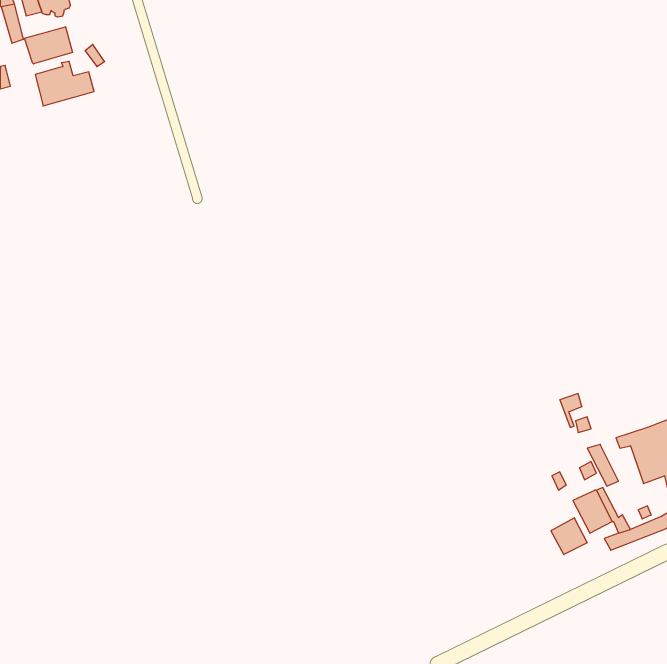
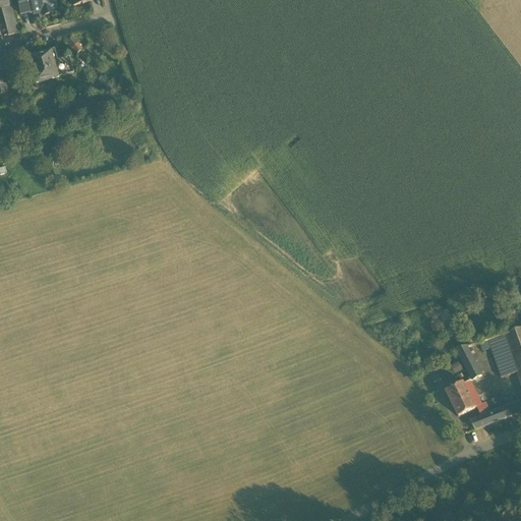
building: [24,27,72,64] -> none
building: [551,518,587,555] -> none

